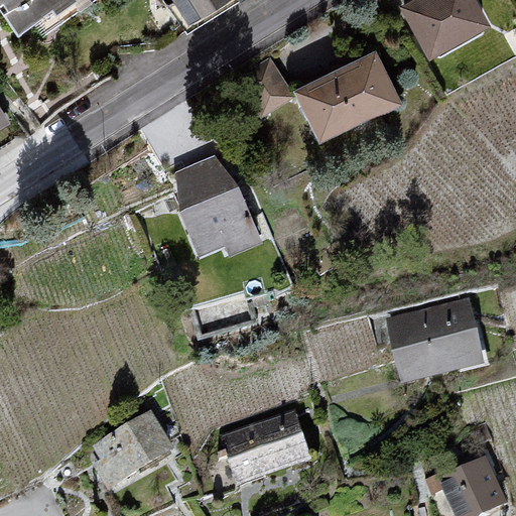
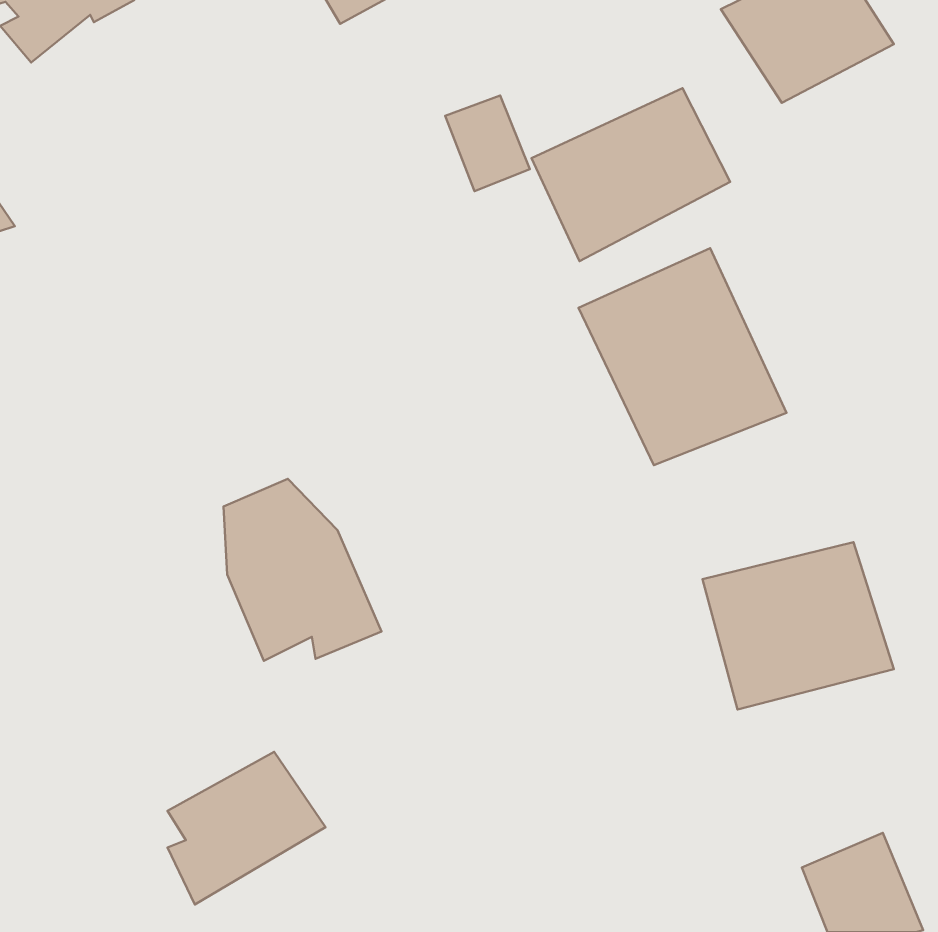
building: none -> [578,248,786,465]
building: [175,155,262,255] -> [223,479,382,661]
building: [221,412,312,489] -> none

